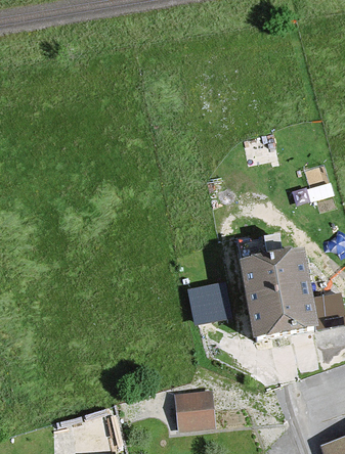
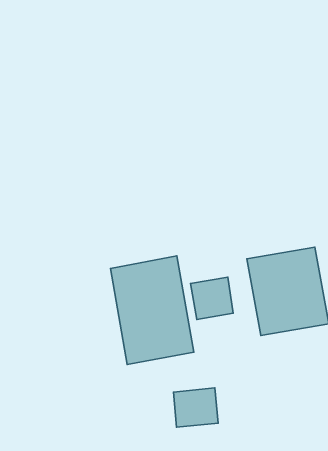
building: none -> [110,256,194,365]

